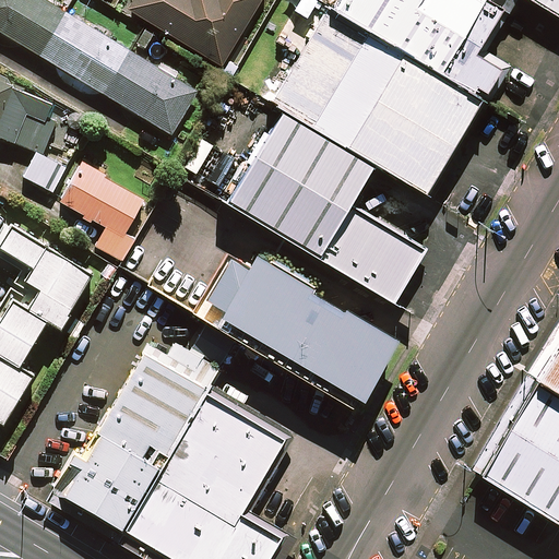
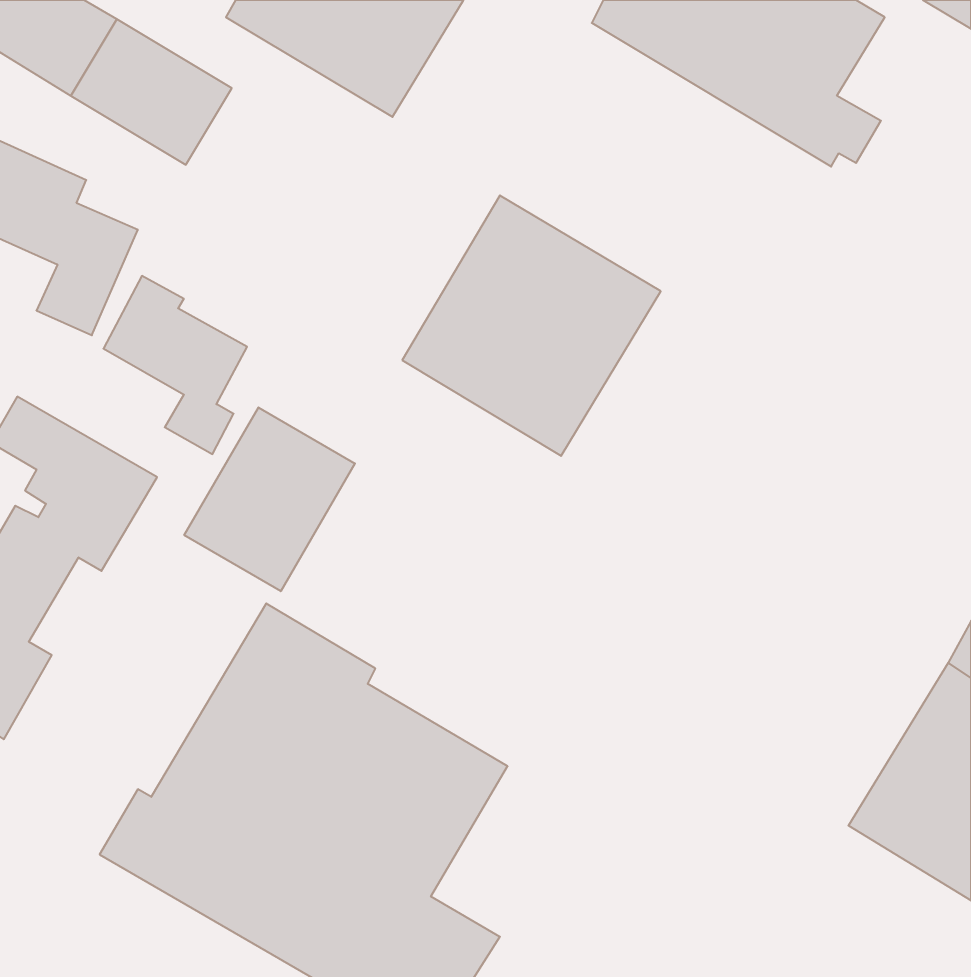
building: [271,9,483,195] -> none
building: [106,51,200,135] -> none
building: [320,209,425,305] -> none
building: none -> [184,407,355,591]
building: [194,254,397,406] -> none

